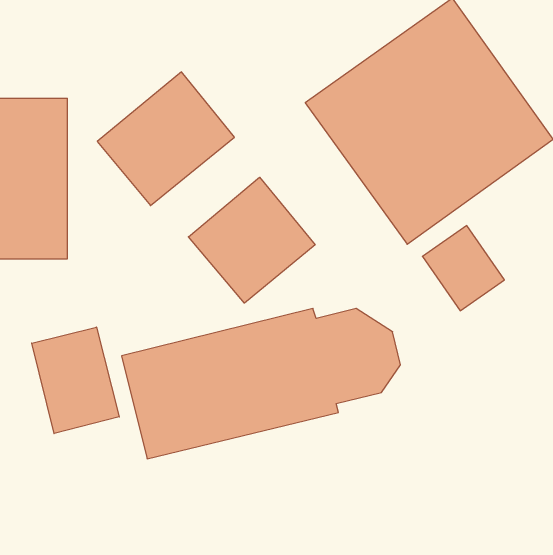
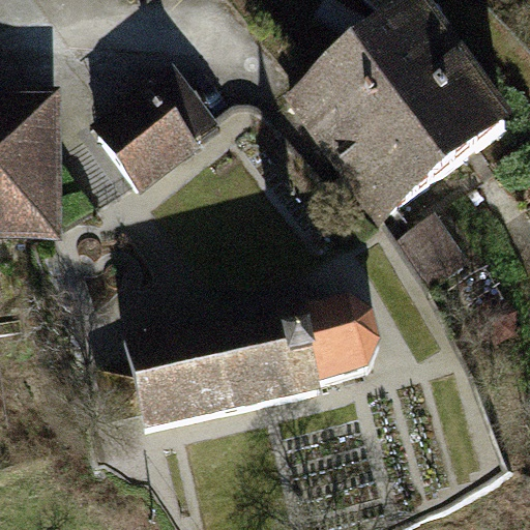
building: [188,177,315,303] -> none
building: [32,327,119,434] -> none

